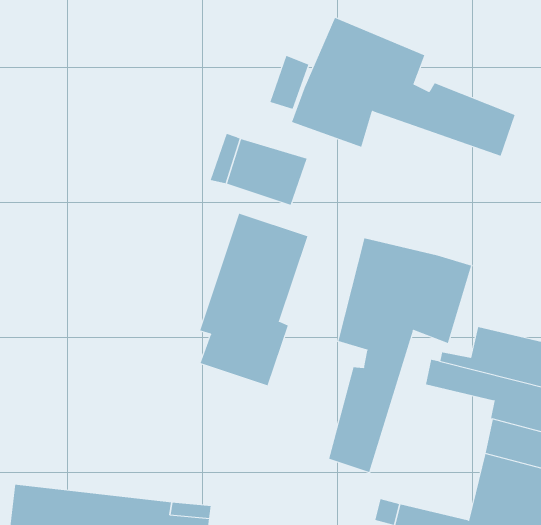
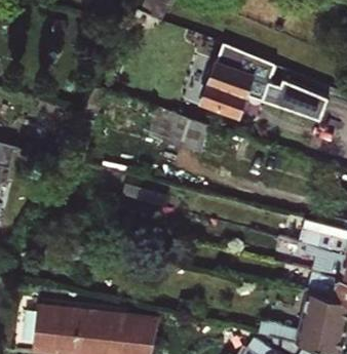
building: [199,213,308,386] -> none
building: [328,237,472,473] -> none

